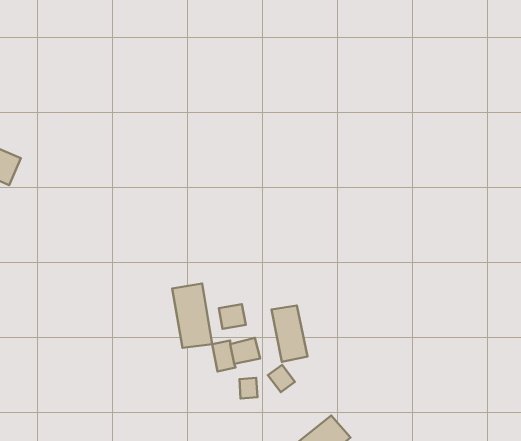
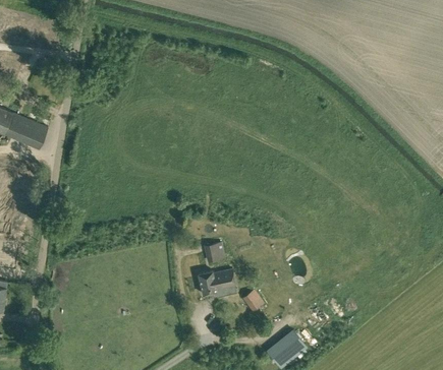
building: [172,284,212,348] -> none
building: [272,306,308,362] -> none

